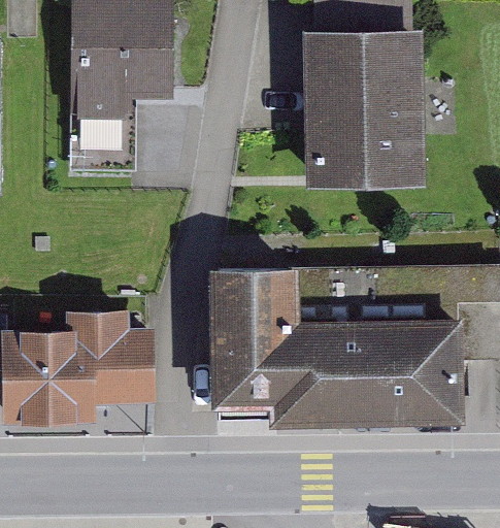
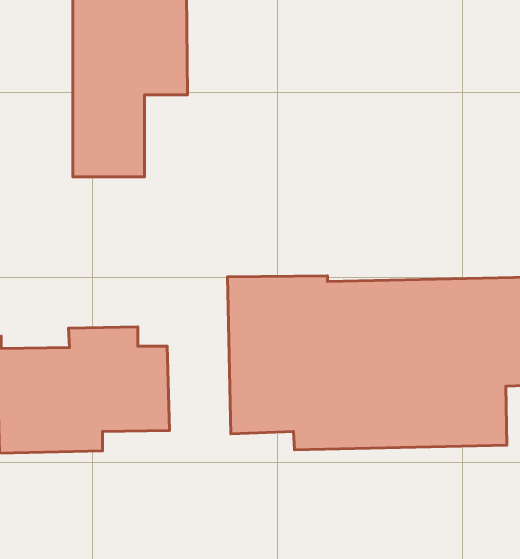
building: [302,30,426,189] -> none

